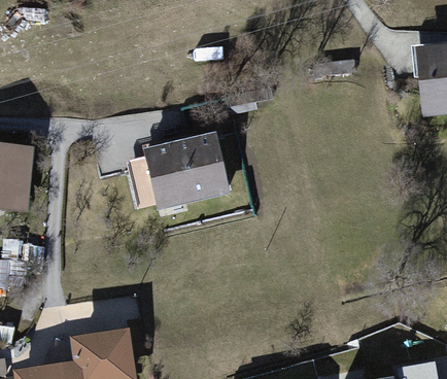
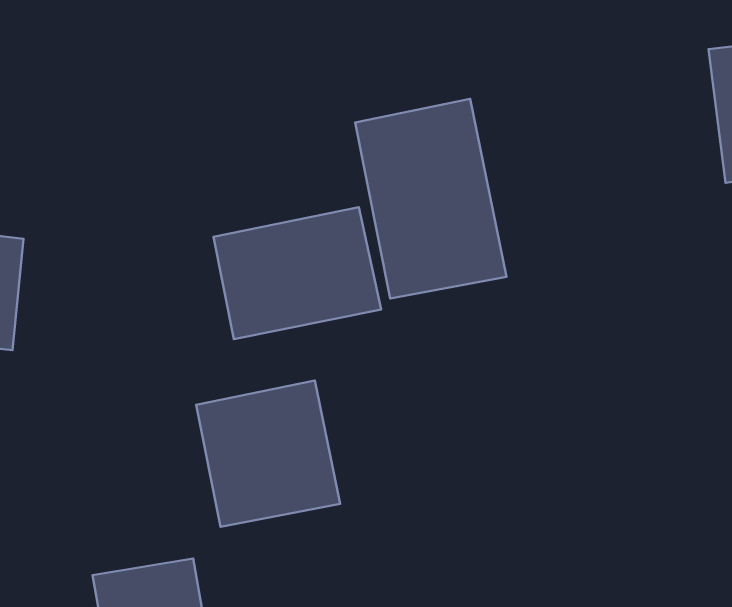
building: none -> [355,99,506,298]
building: none -> [196,380,340,527]

